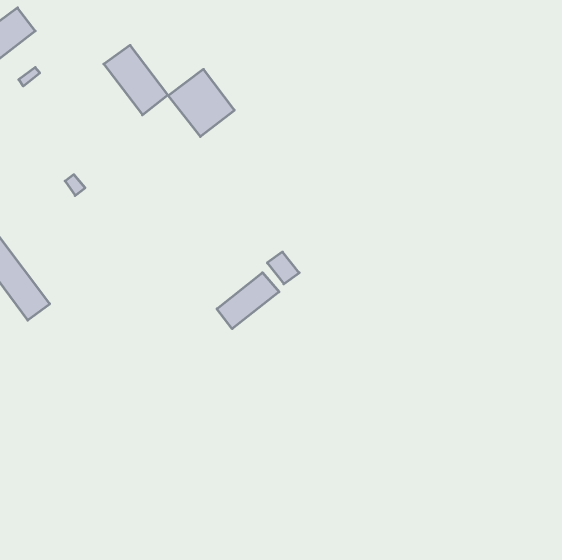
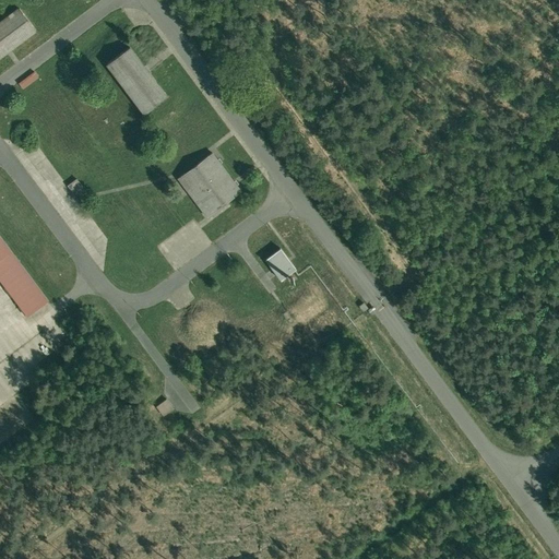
building: [168,69,234,137] -> [175,153,240,219]
building: [217,273,279,329] -> none

